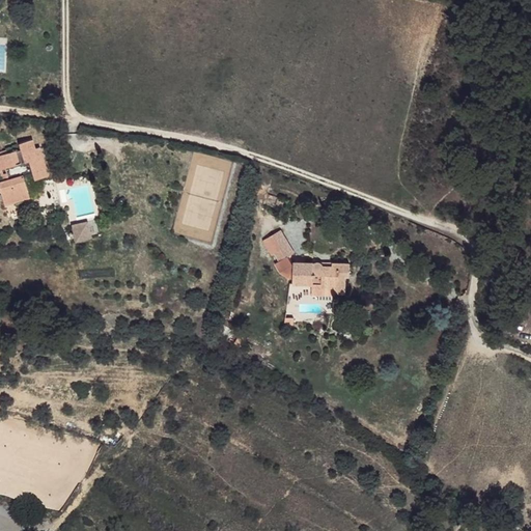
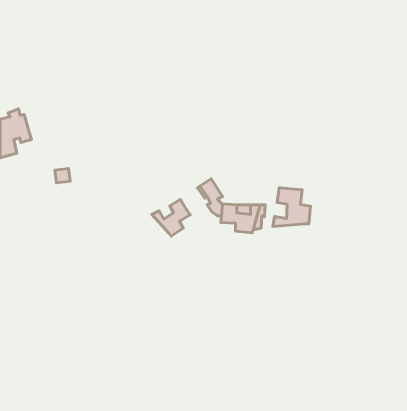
building: none -> [273,188,310,226]
building: none -> [152,199,190,236]

